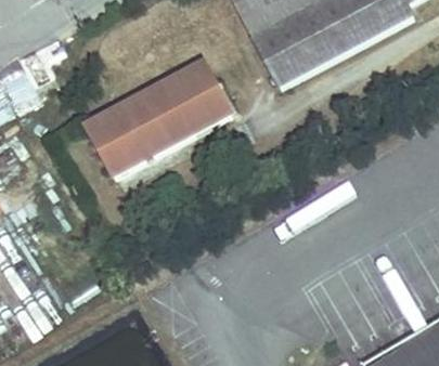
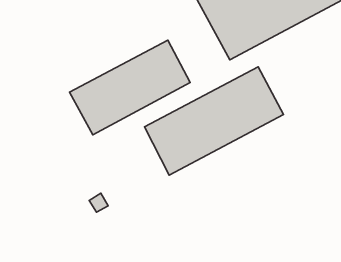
building: none -> [144,67,283,175]

